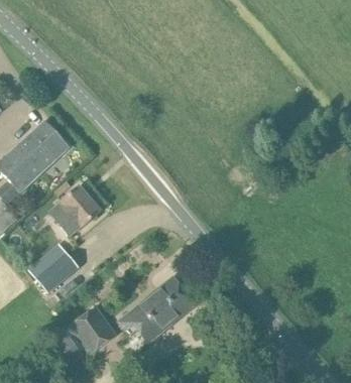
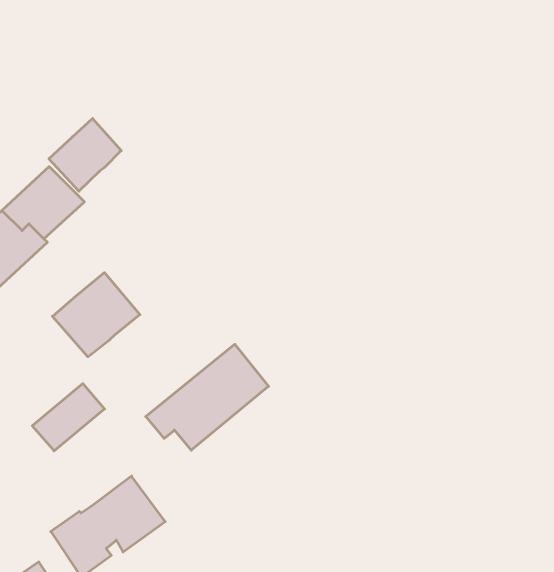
building: none -> [49,118,121,191]
building: [121,277,195,341] -> [146,344,269,450]

